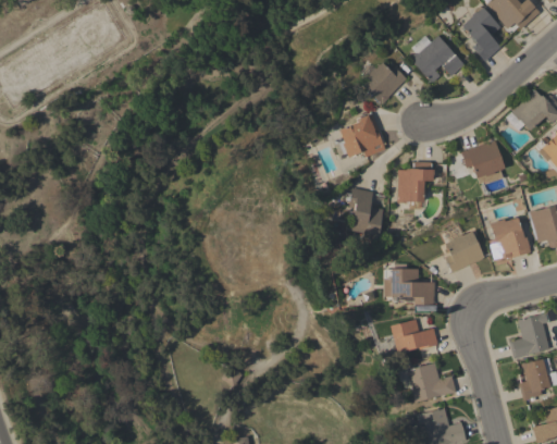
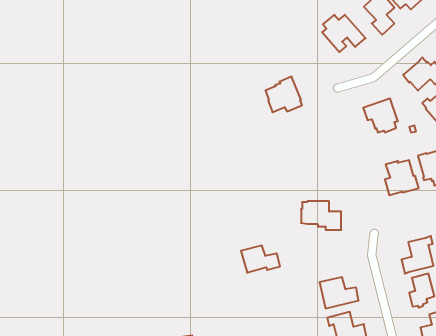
building: [361,62,407,104] -> none
building: [397,162,435,202] -> none
building: [345,187,383,236] -> none
building: [441,224,485,272] -> none
building: [389,319,438,353] -> [241,246,280,273]

